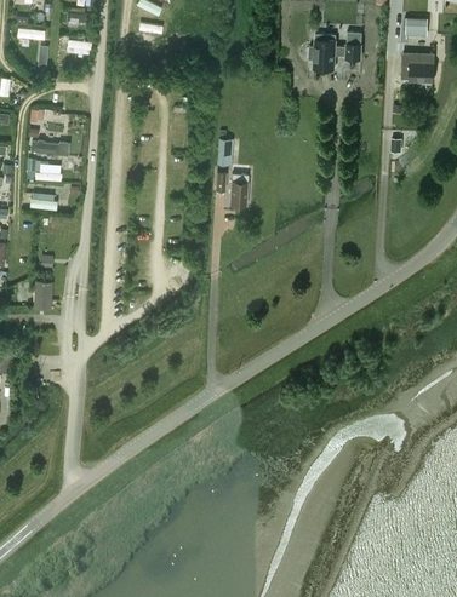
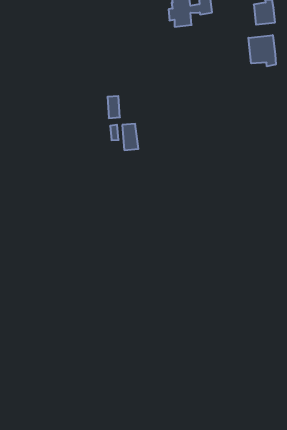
building: none -> [248,35,276,66]

